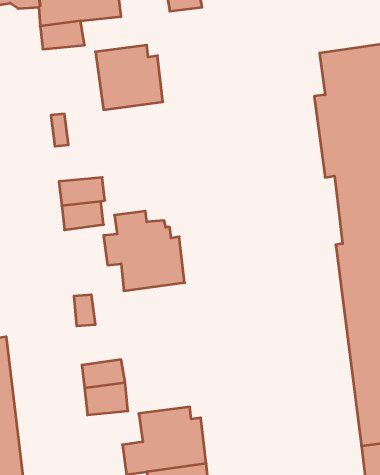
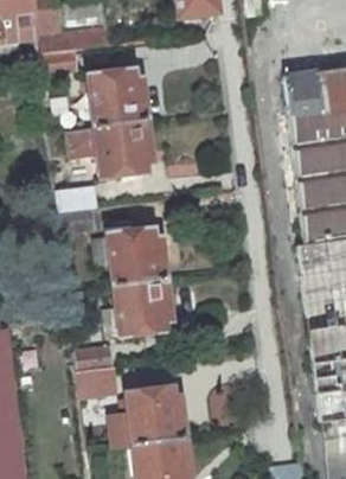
building: none -> [66,119,150,179]
building: none -> [102,277,171,338]

